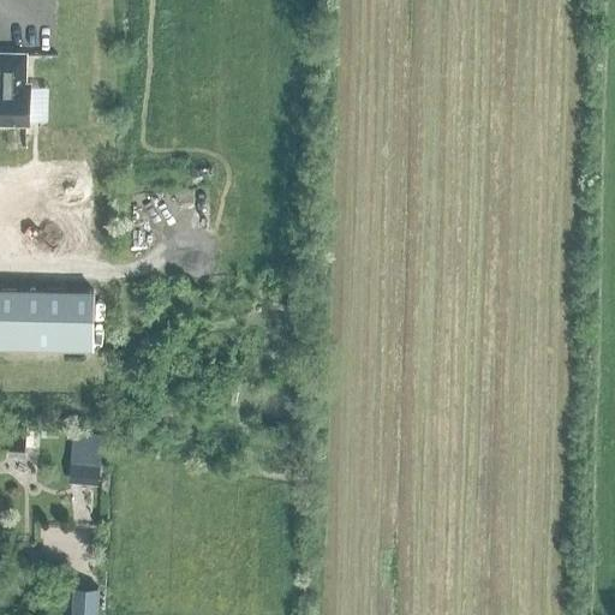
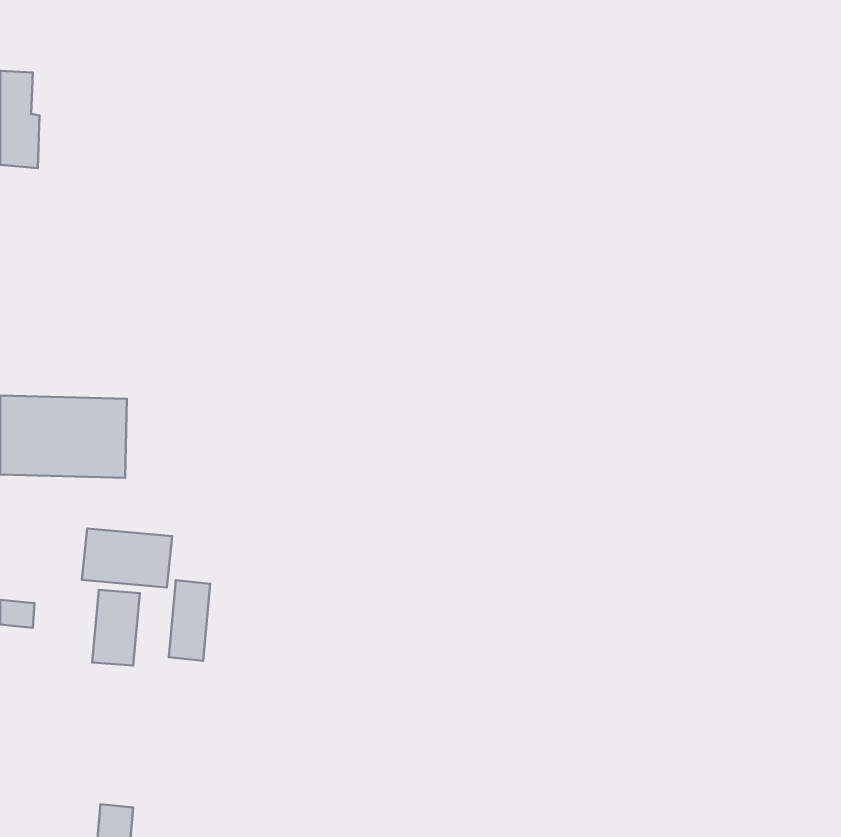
building: none -> [82,528,172,587]
building: none -> [169,580,210,661]

